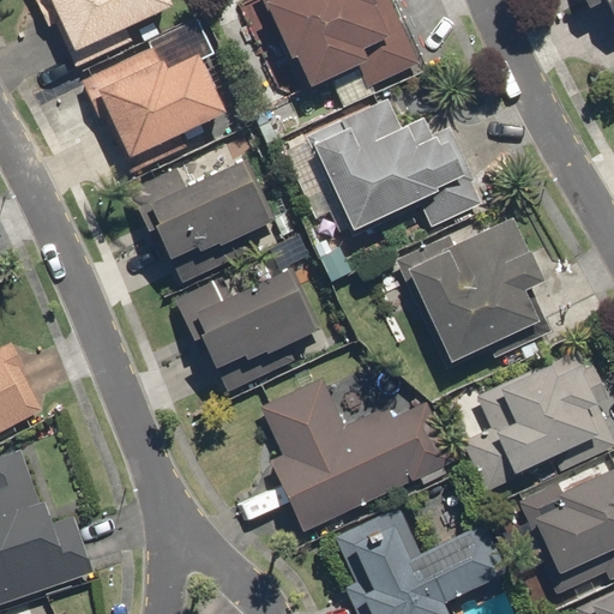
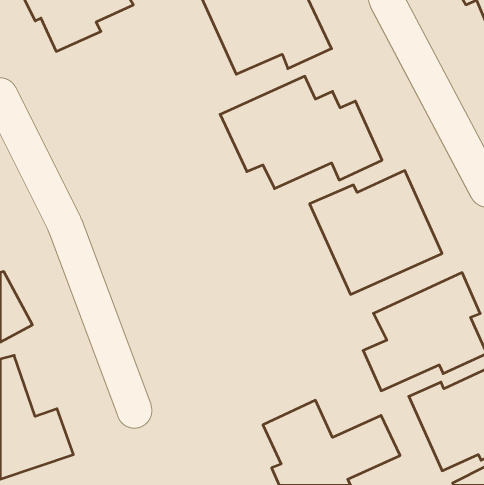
building: [80,47,224,174] -> none
building: [127,161,276,283] -> none
building: [173,266,331,396] -> none
building: [260,378,456,531] -> none

